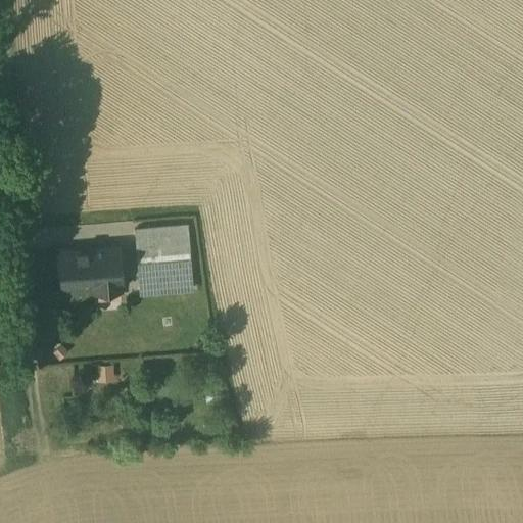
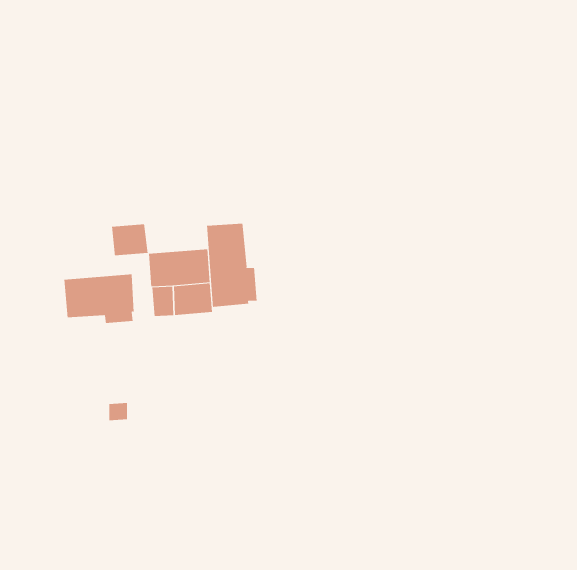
building: none -> [206,223,257,308]
building: none -> [112,224,148,256]

